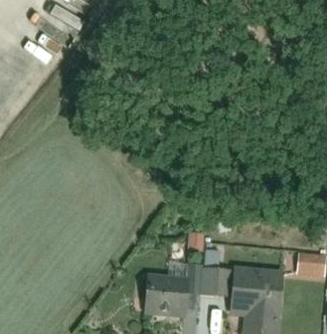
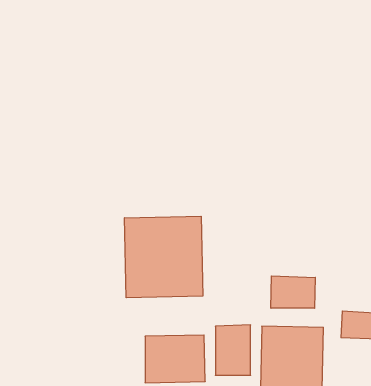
building: none -> [125,216,203,298]
building: none -> [271,276,315,308]

